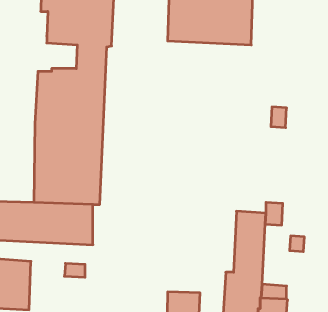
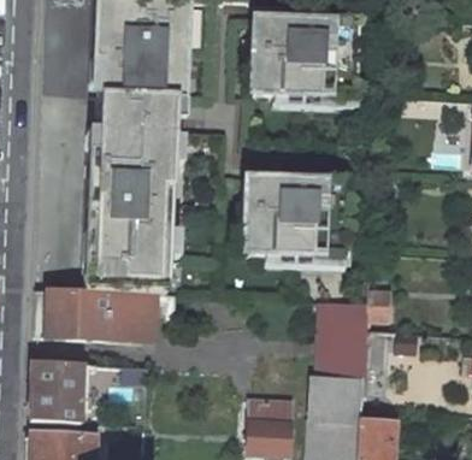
building: none -> [243,176,347,256]

